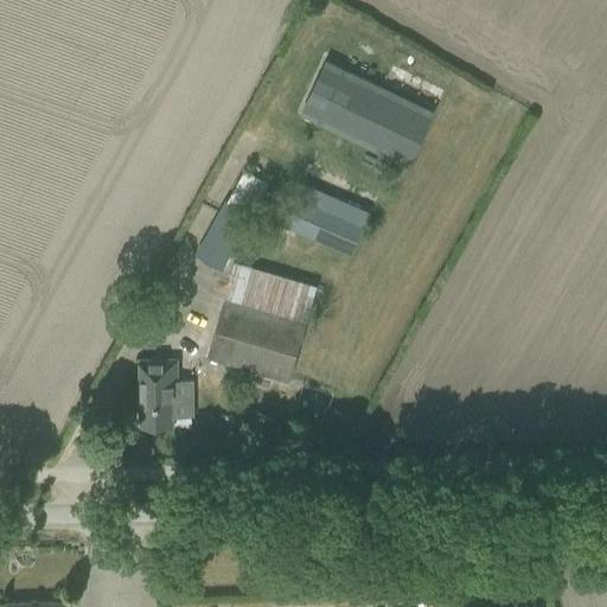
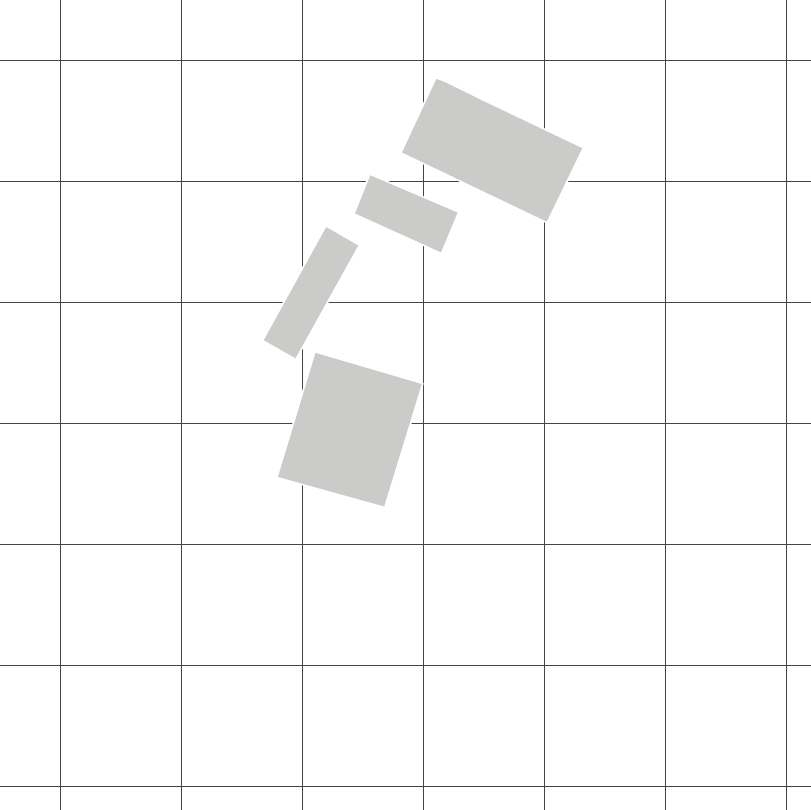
building: [286,198,364,257] -> [354,174,459,254]
building: [140,362,194,428] -> none

